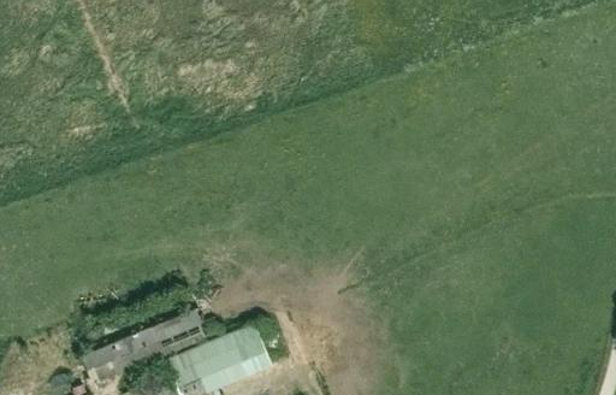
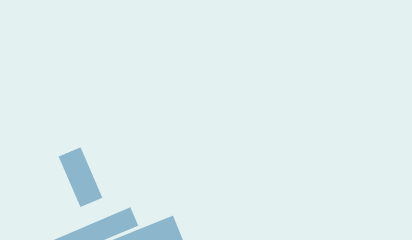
building: none -> [58,146,103,208]

